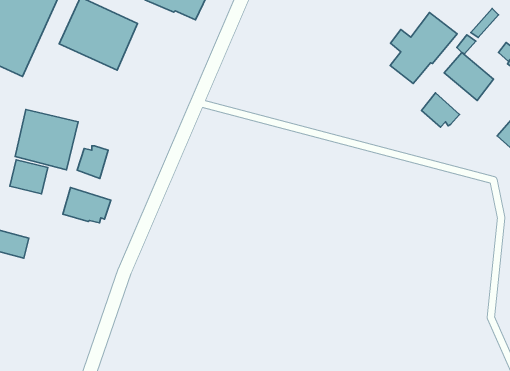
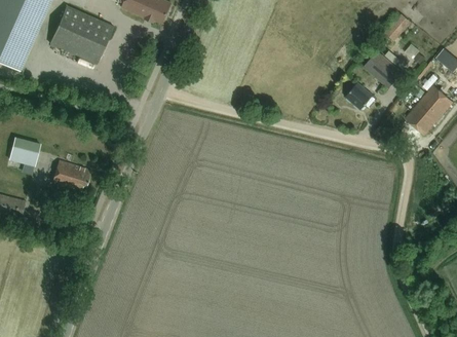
building: [390,12,457,84] -> none
building: [15,109,78,170] -> none
building: [77,146,108,178] -> none

